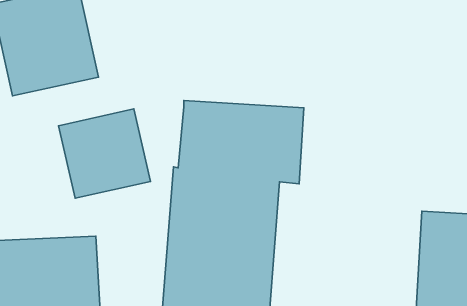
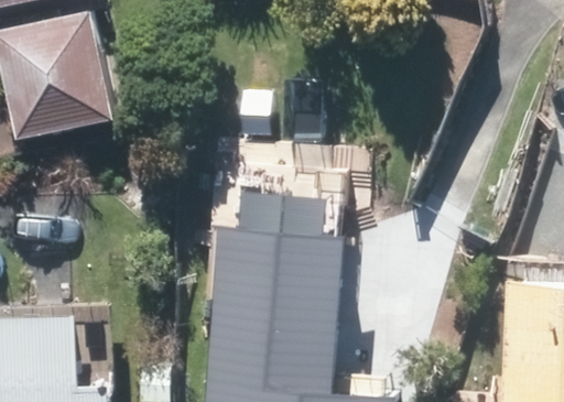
building: [58,109,151,198] -> none

